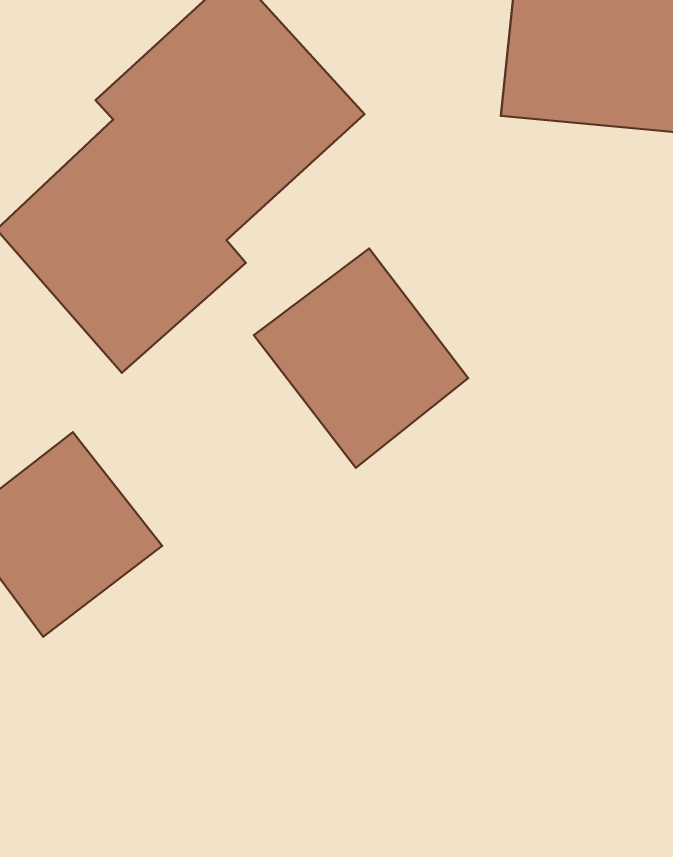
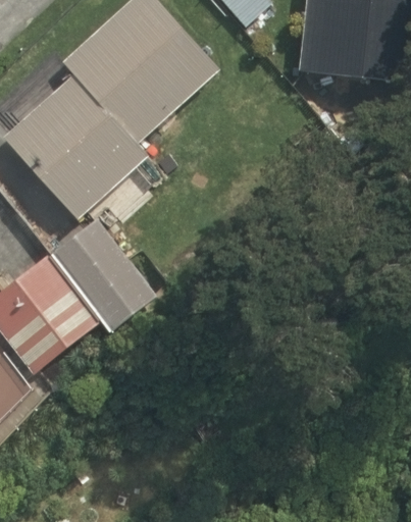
building: [254,249,468,468] -> none
building: none -> [48,217,156,332]

